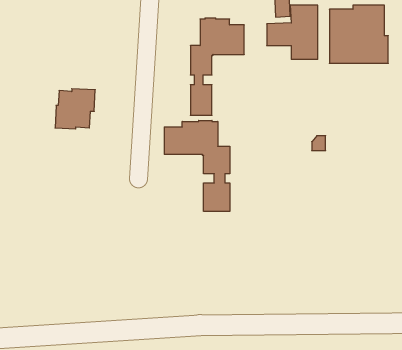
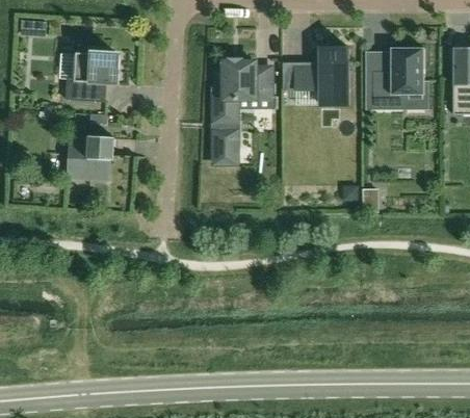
building: none -> [66,48,119,101]
building: [164,120,230,211] -> none

